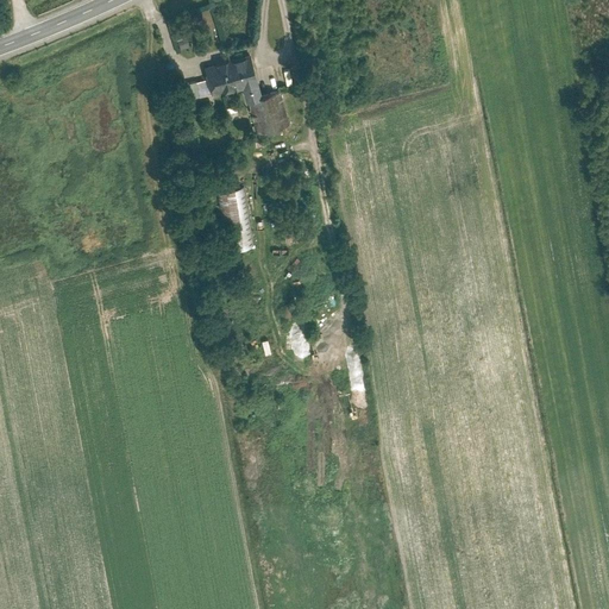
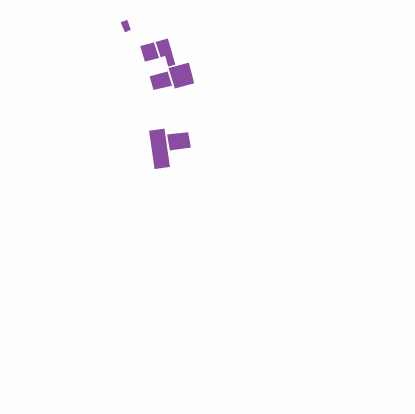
building: none -> [148,70,173,91]
building: none -> [166,131,192,151]

